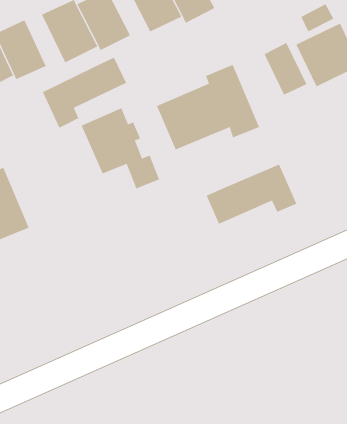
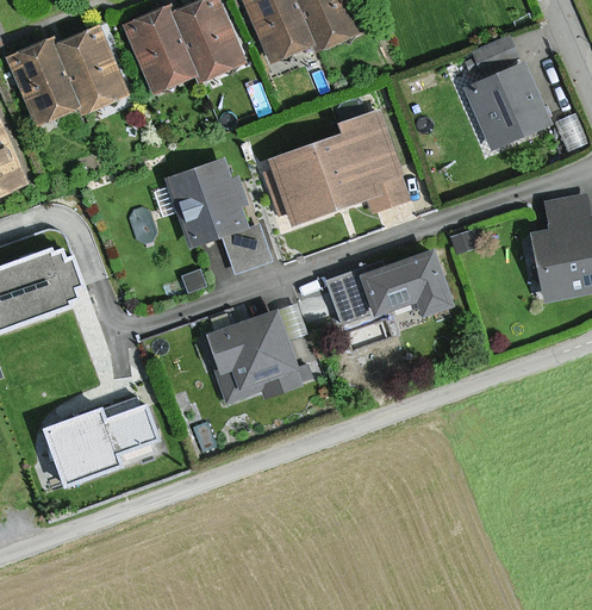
building: [264,42,307,96] -> none
building: [42,57,127,129] -> none
building: none -> [192,309,310,412]
building: none -> [44,404,162,491]

